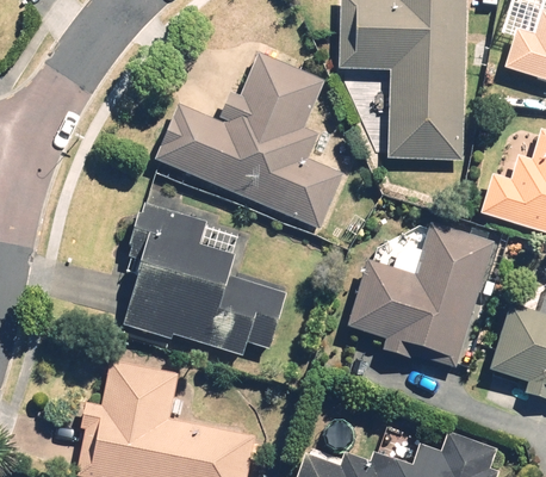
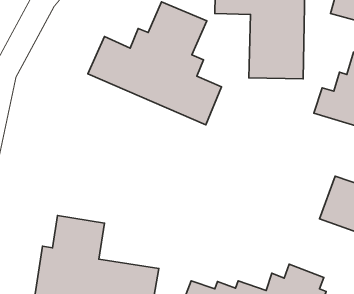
building: [124,198,288,357] -> none
building: [343,224,494,365] -> none

